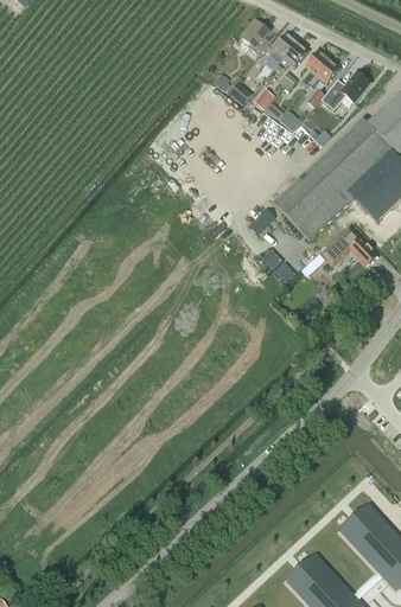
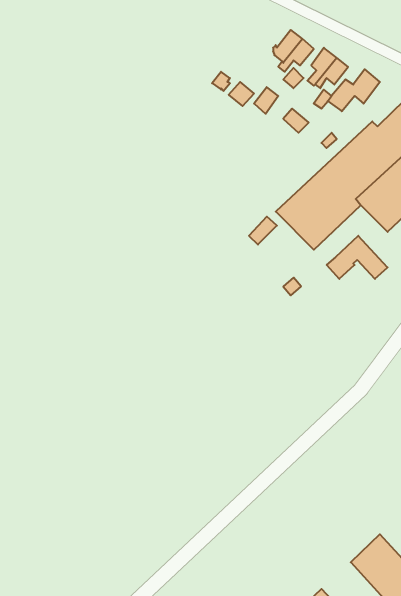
building: [240,21,268,57] -> none

